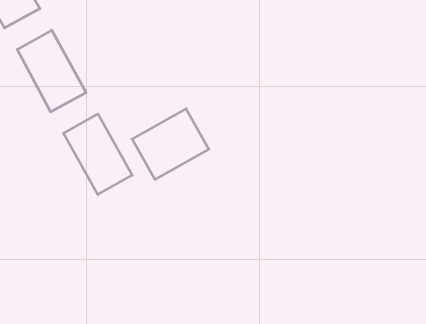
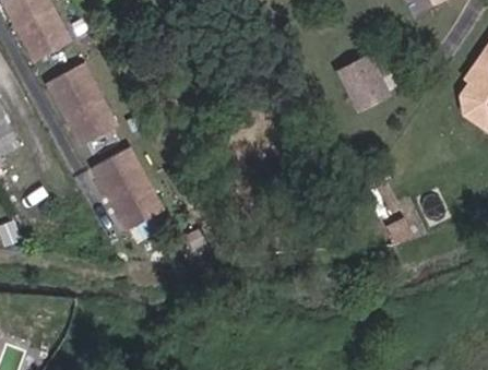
building: none -> [338,51,394,104]
building: [132,109,209,179] -> none

